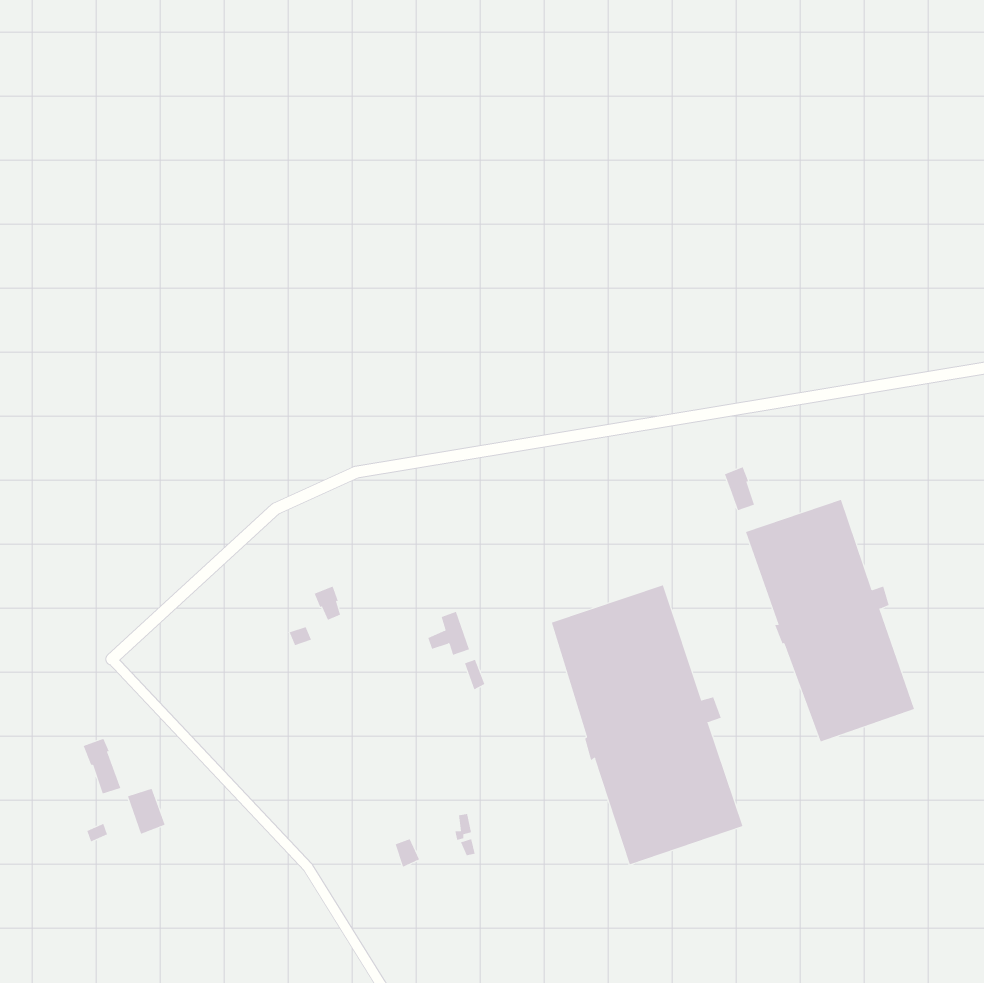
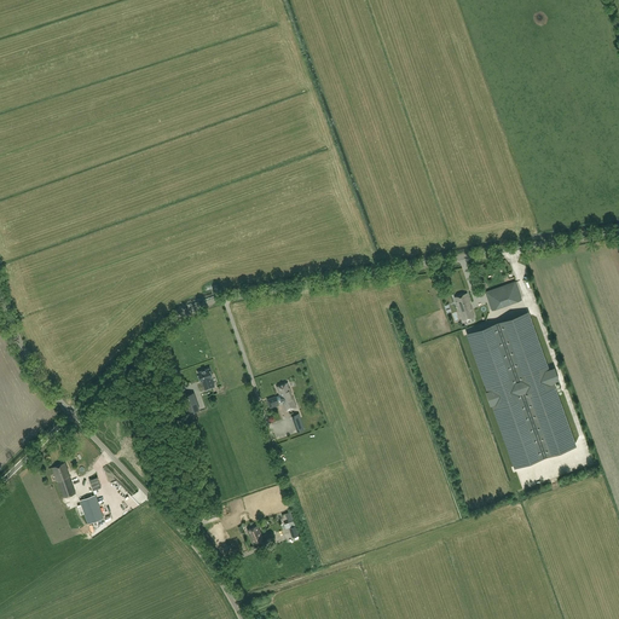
building: none -> [486,283,521,311]
building: [551,585,743,865] -> none

